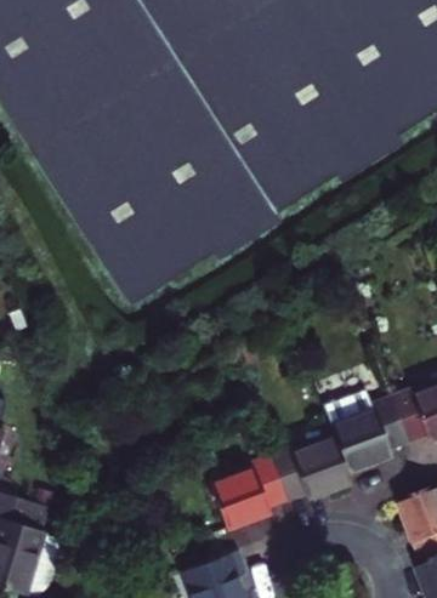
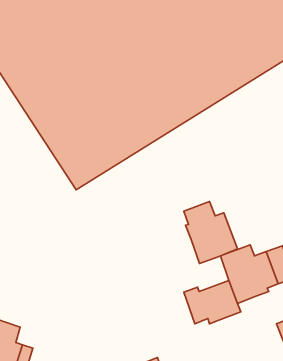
building: none -> [184,201,237,264]
building: [211,455,288,530] -> none

